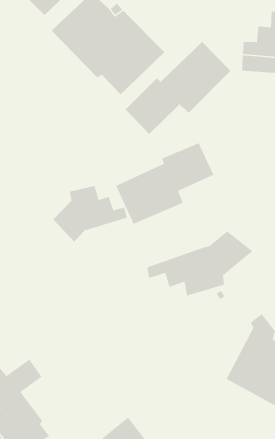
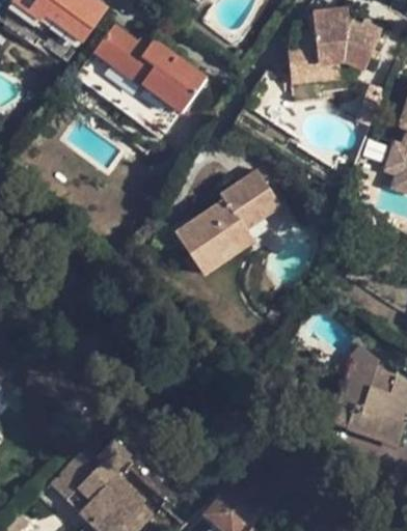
building: [125,41,231,135] -> none
building: [53,185,128,242] -> none
building: [147,230,253,297] -> none

